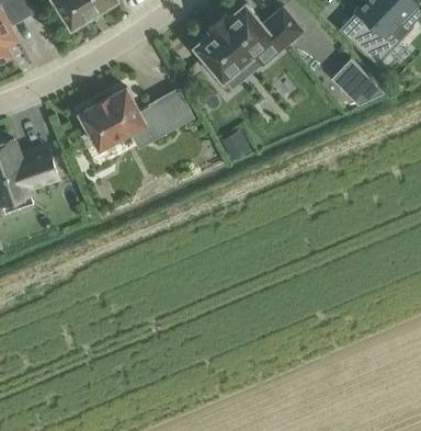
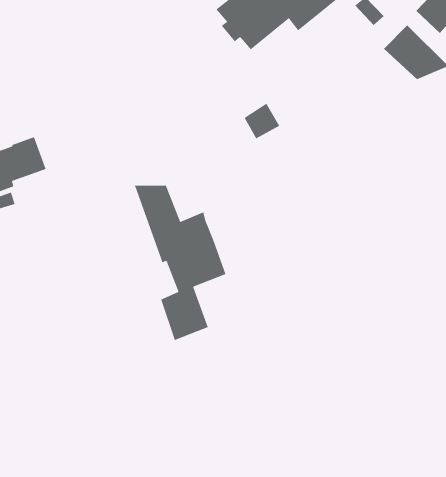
building: [79,89,192,148] -> none
building: none -> [134,185,226,341]

